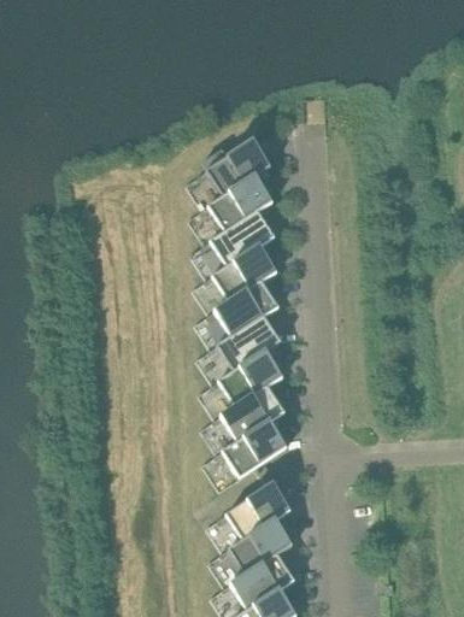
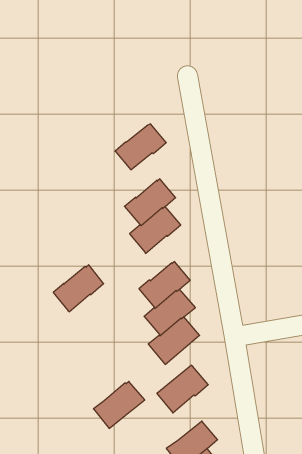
building: [202,139,271,195] -> none
building: [210,211,275,266] -> none
building: [216,316,280,371] -> [53,265,104,312]
building: [227,518,292,574] -> [93,381,145,428]

